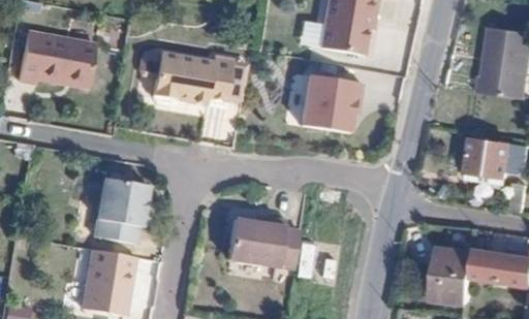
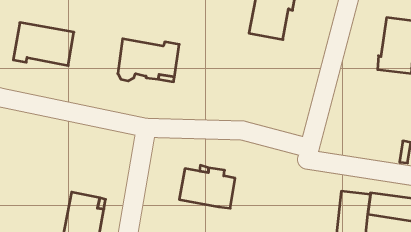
building: [300,72,362,131] -> none
building: [465,136,511,180] -> none
building: [96,177,150,242] -> none

